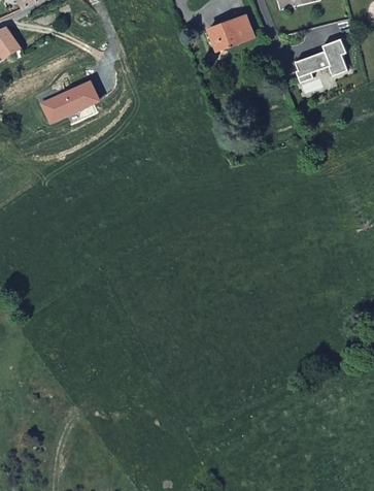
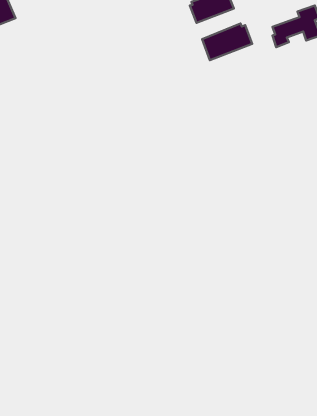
building: none -> [202,24,252,60]
building: [39,81,97,123] -> none

